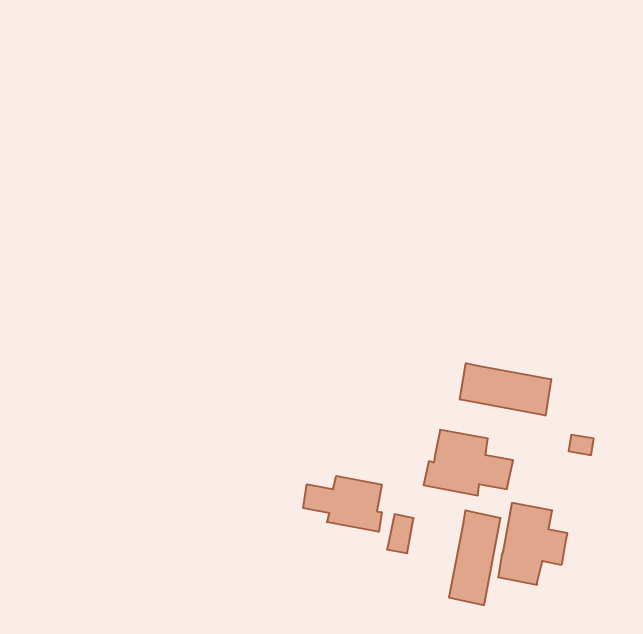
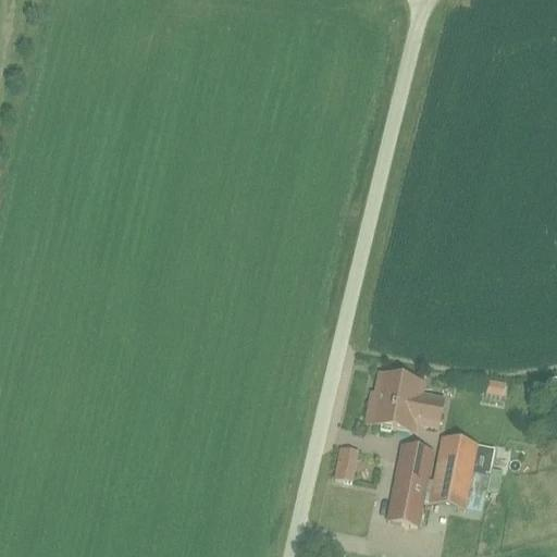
building: [460,363,551,416] -> none
building: [303,476,382,532] -> none

